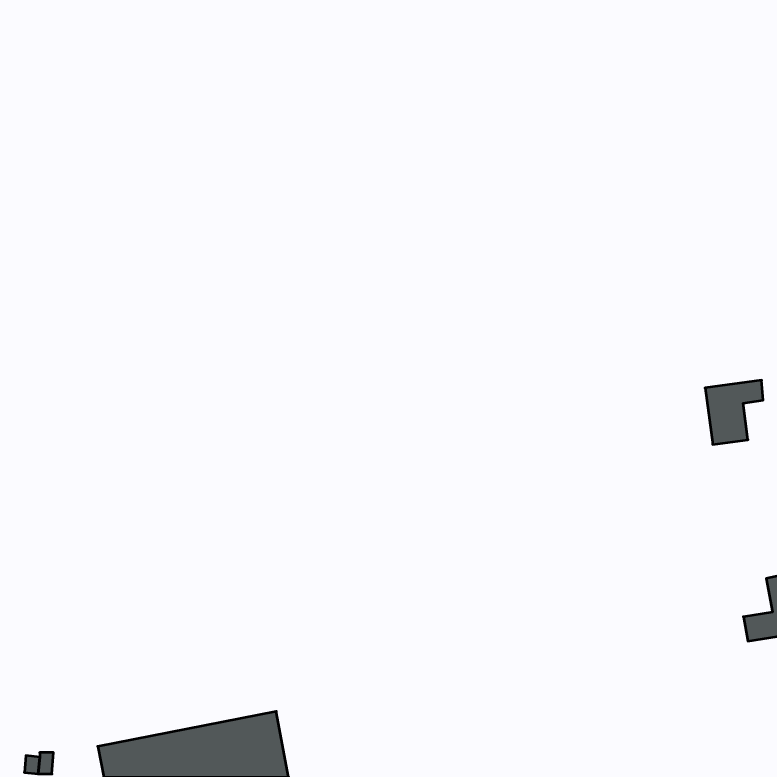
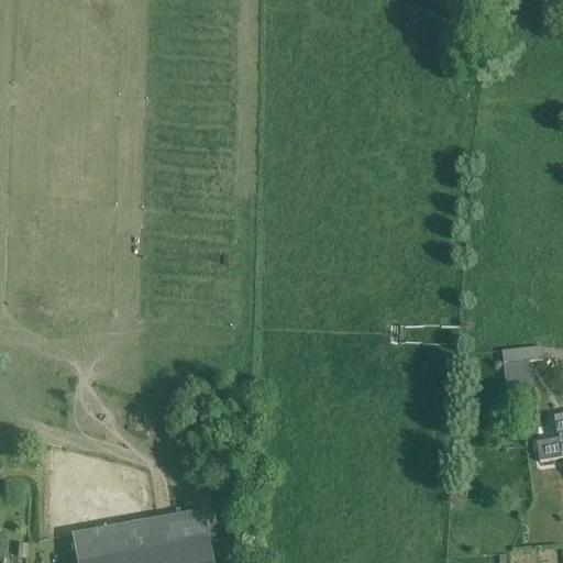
building: [705,380,763,444] -> [501,345,543,391]

